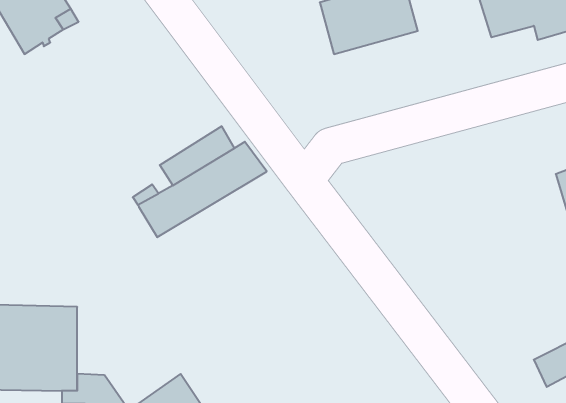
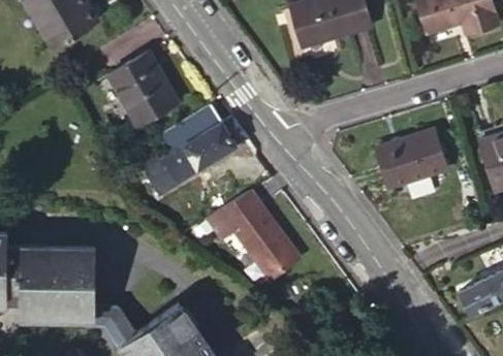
building: none -> [109,55,176,127]
building: none -> [376,132,445,190]
building: none -> [206,192,298,280]

